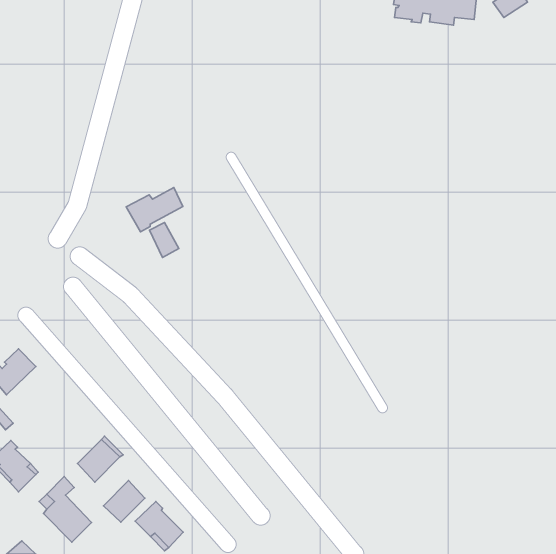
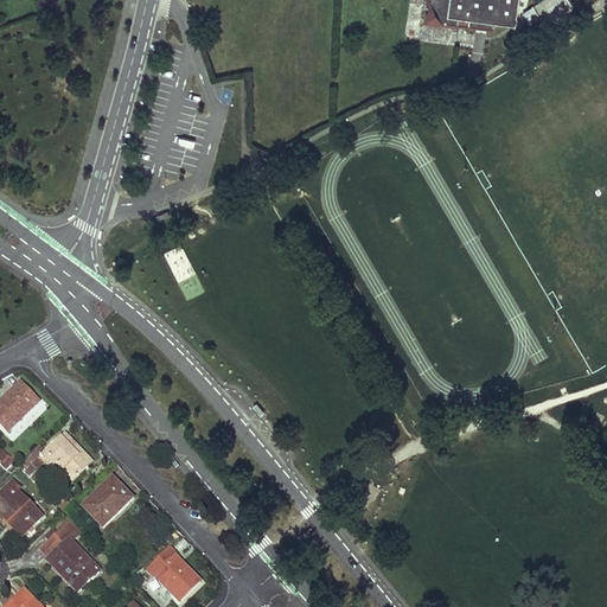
building: [126,188,183,232] -> none
building: none -> [24,432,91,484]
building: [103,481,145,522] -> none

